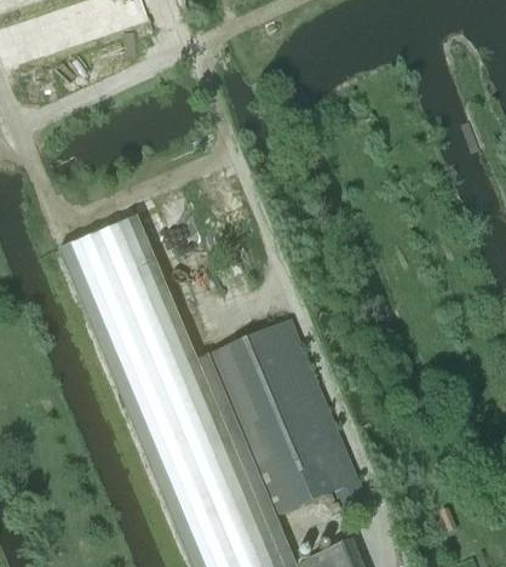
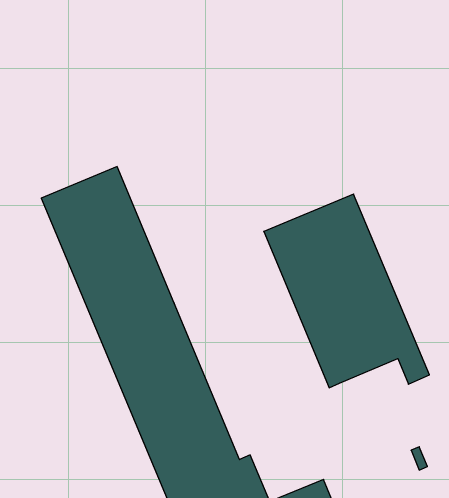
building: [197,319,369,520] -> [264,194,429,388]

